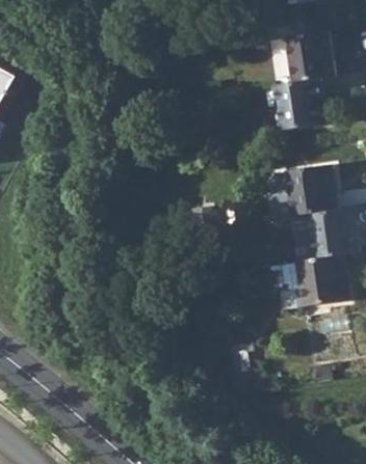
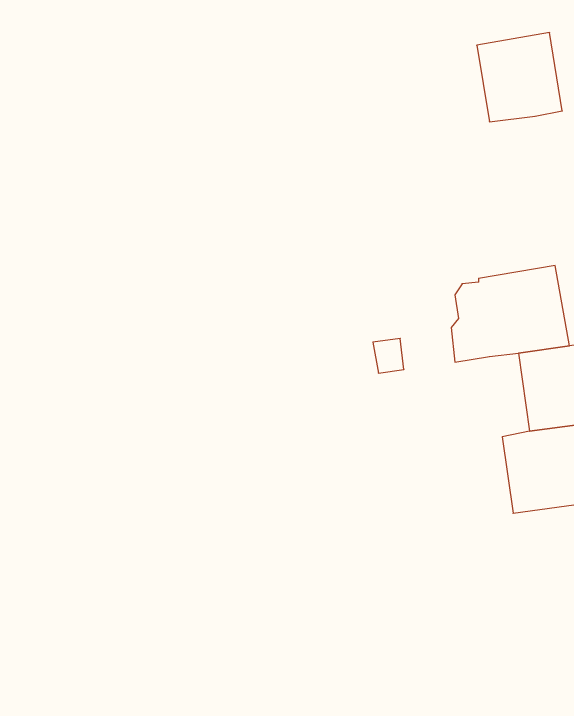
building: [270,79,322,130] -> none

